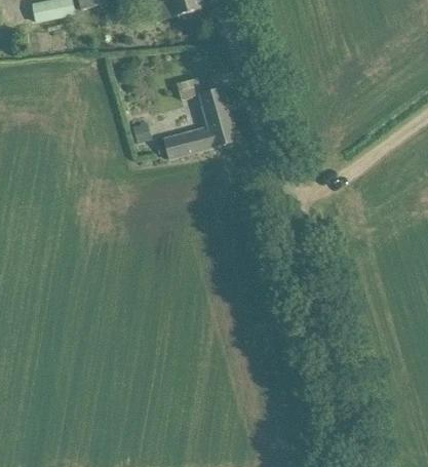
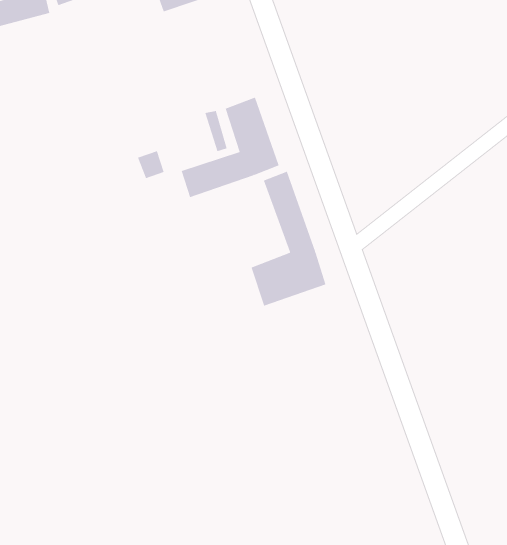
building: none -> [251,171,326,307]

